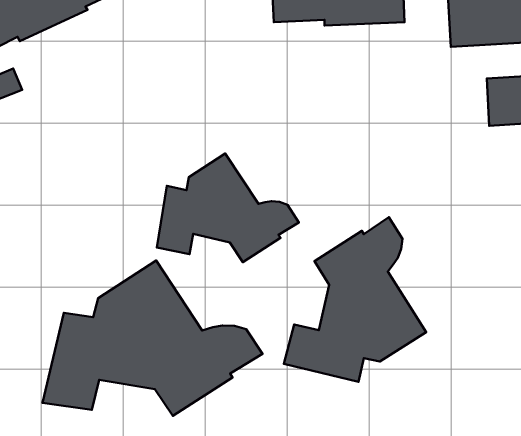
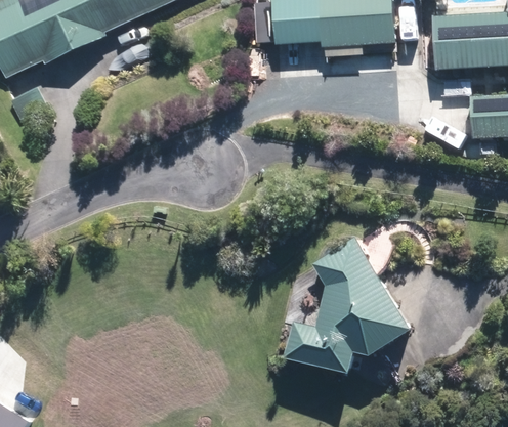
building: [157,153,299,262] -> none
building: [43,261,262,416] -> none

